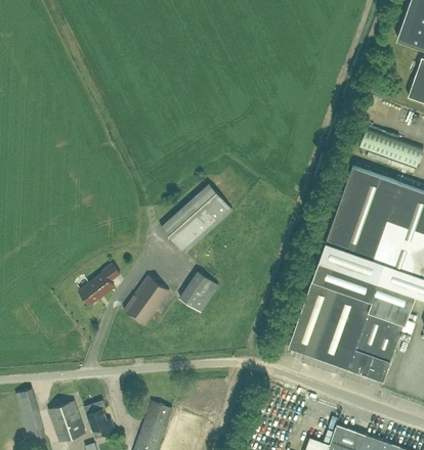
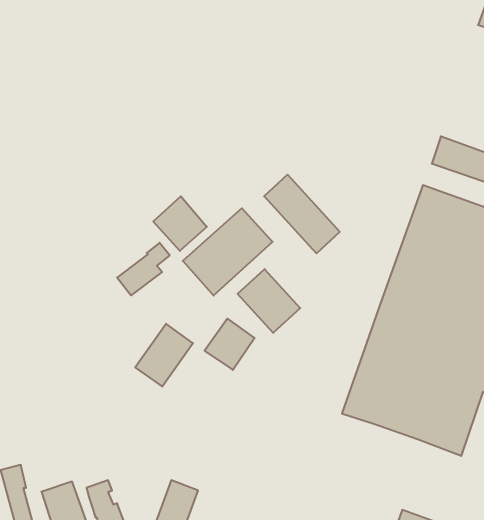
building: none -> [264,175,340,253]
building: none -> [153,196,207,251]
building: none -> [238,269,300,333]
building: [78,264,120,306] -> [117,243,170,295]

